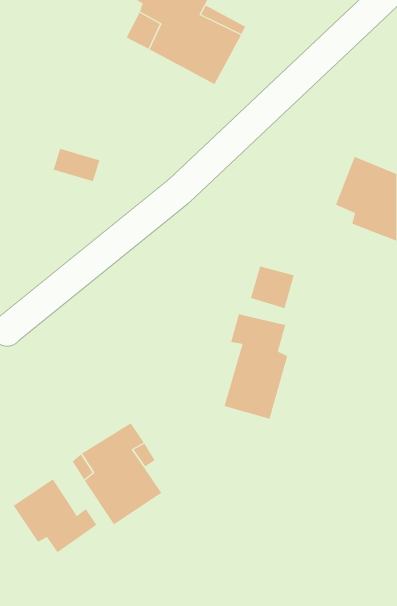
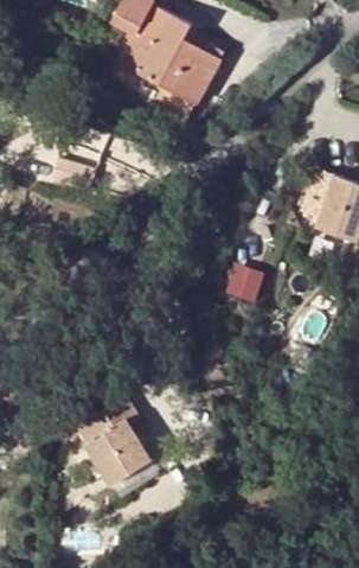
building: [224,314,288,420] -> none
building: [13,478,97,553] -> none

